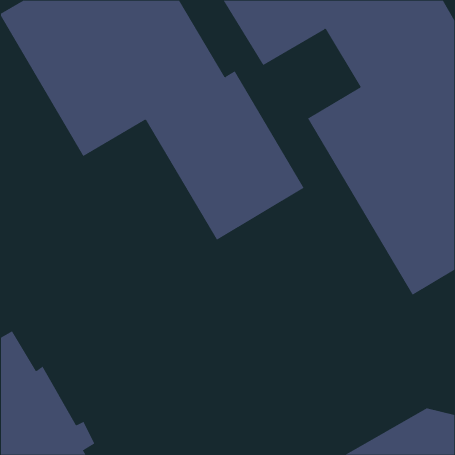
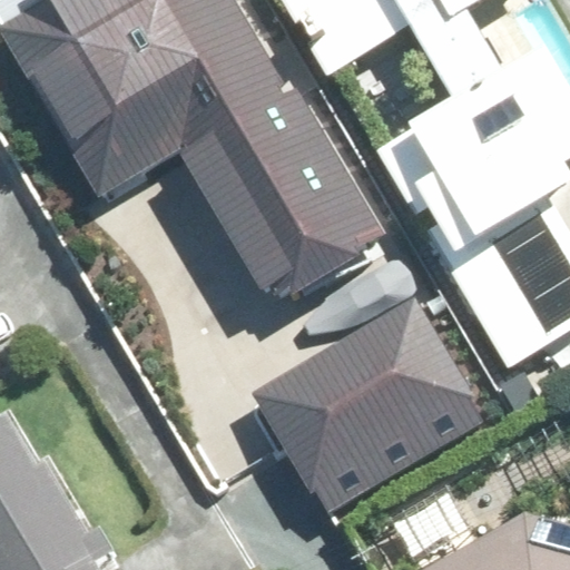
building: none -> [254,299,482,513]

